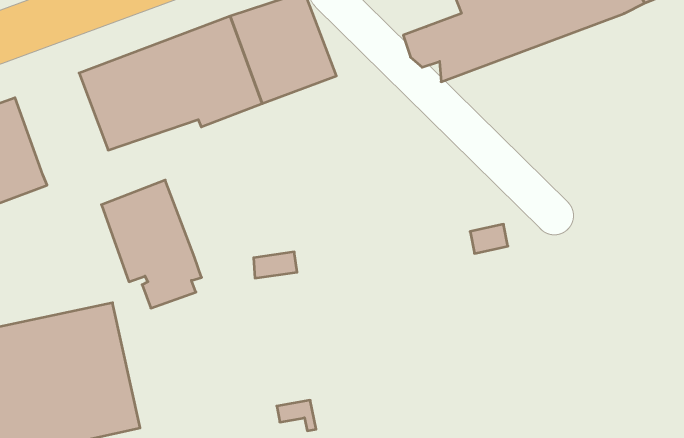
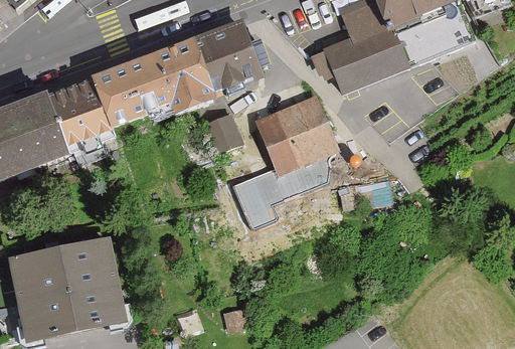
building: none -> [233,93,337,221]
building: none -> [204,109,242,150]
building: [101,180,202,308] -> [41,78,111,167]

